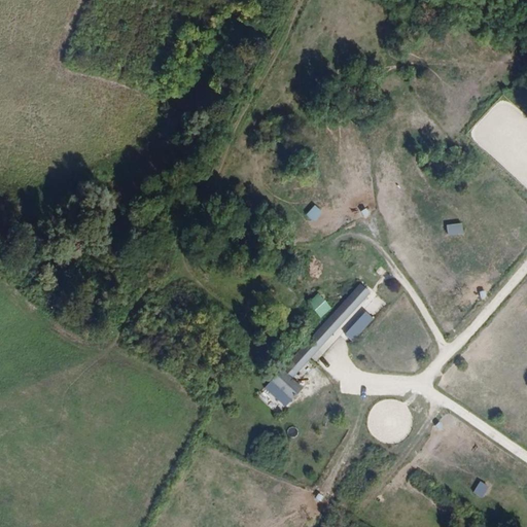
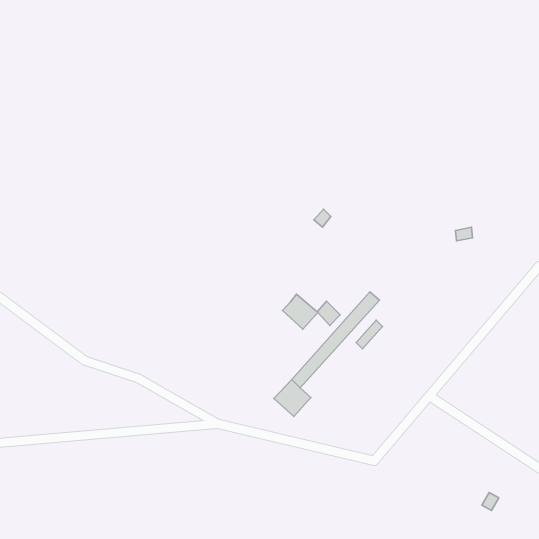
building: none -> [283,294,318,329]

